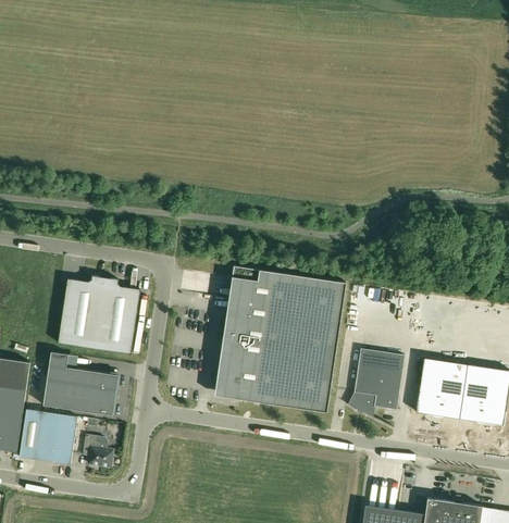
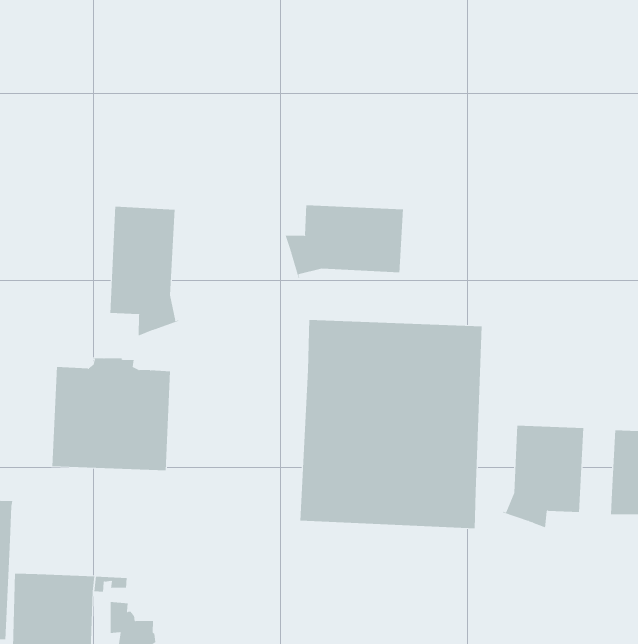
building: none -> [110,206,179,336]
building: none -> [285,204,403,278]
building: [41,351,117,415] -> none

